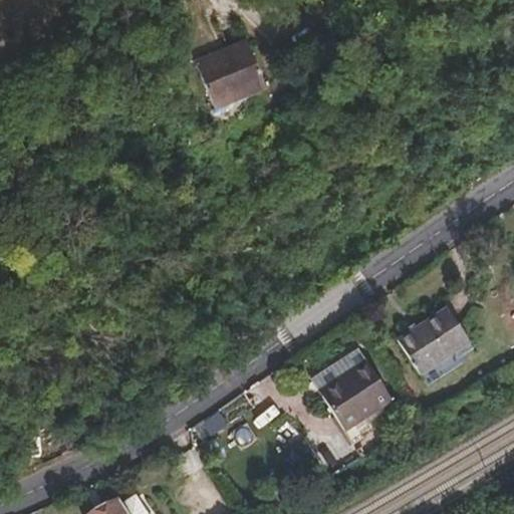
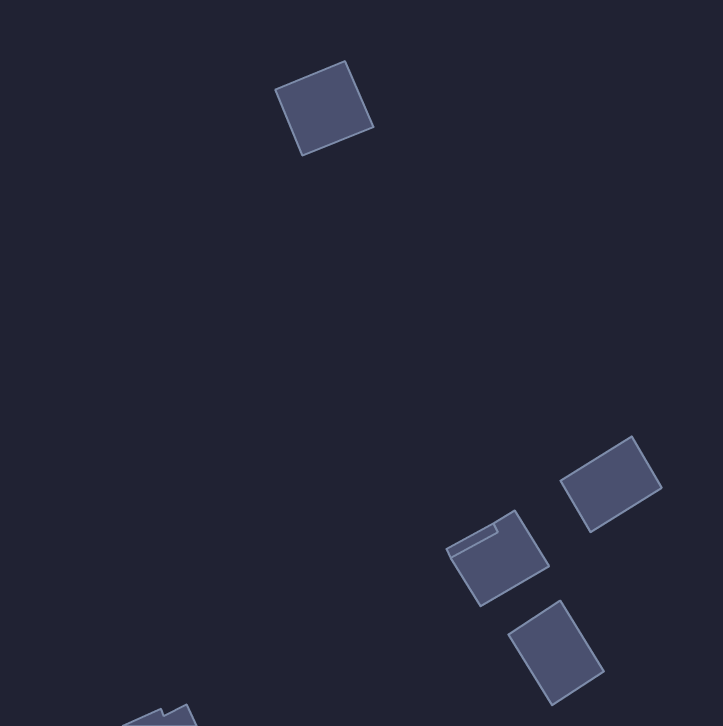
building: none -> [508,601,604,705]

